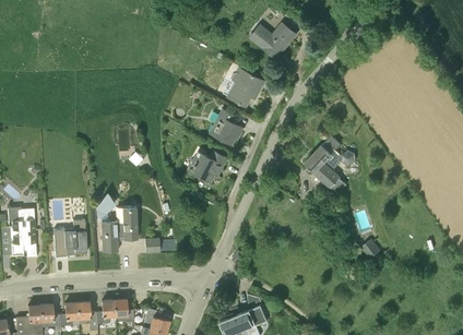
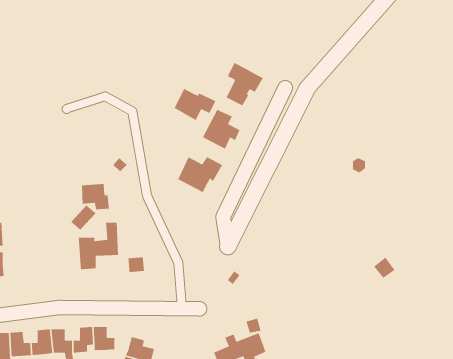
building: [251,24,296,56] -> none
building: none -> [173,88,216,121]
building: [305,136,340,188] -> none
building: none -> [81,183,110,210]
building: [54,219,86,255] -> none

